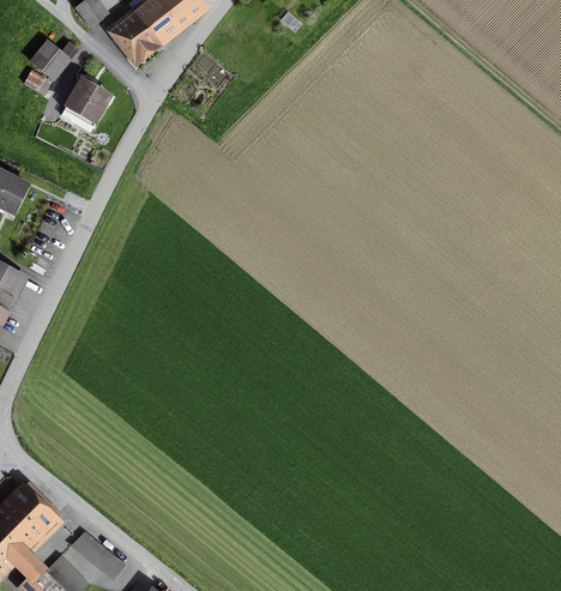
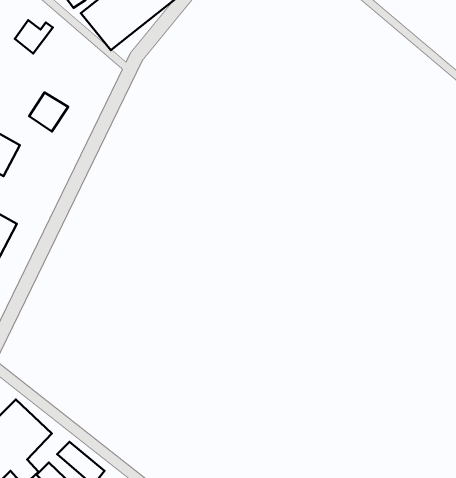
building: [66,79,111,125] -> [29,92,68,132]

